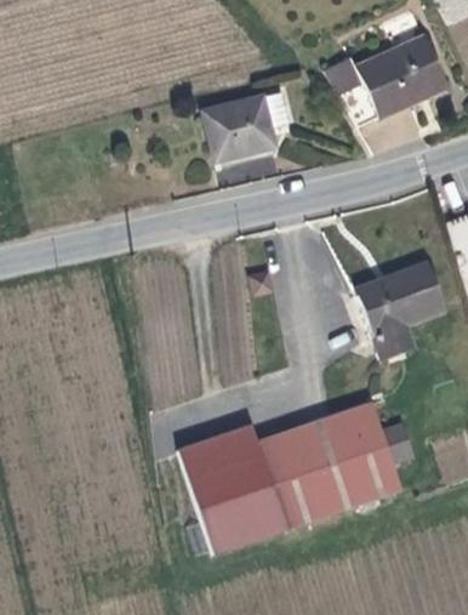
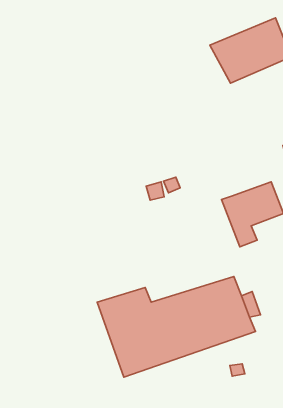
building: [213,86,297,152] -> none

